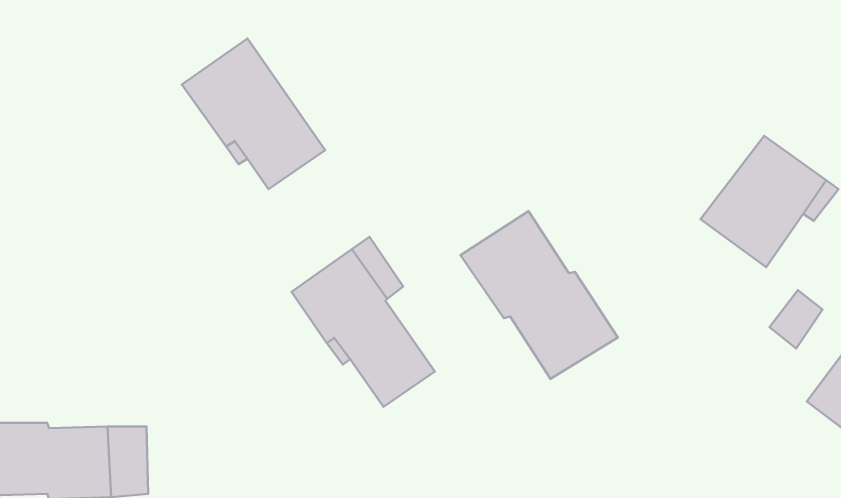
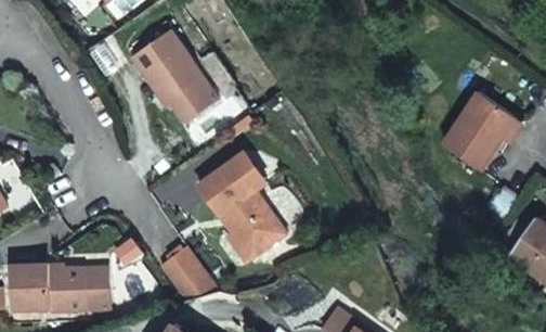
building: [461,211,618,379] -> none
building: none -> [156,248,211,302]

